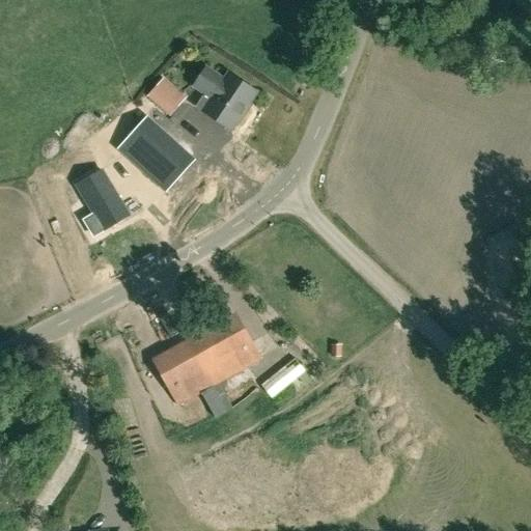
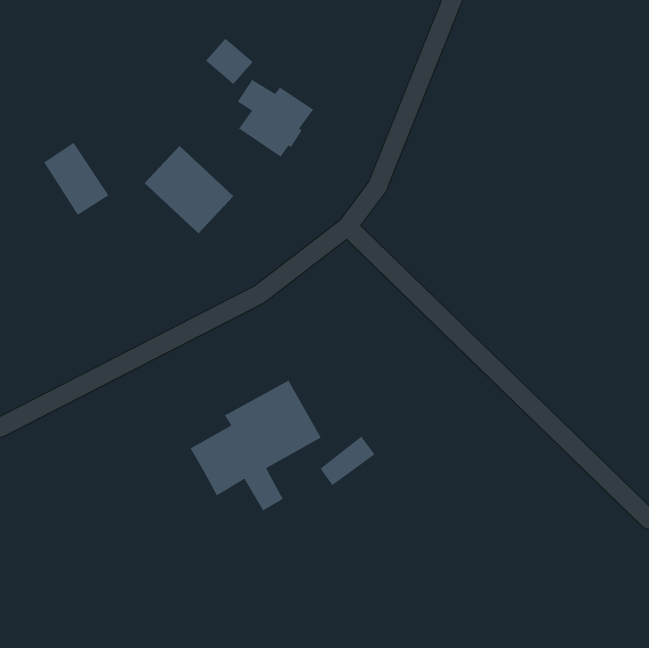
building: [146,76,186,114] -> [205,38,253,85]
building: [75,170,129,230] -> [43,142,109,216]

